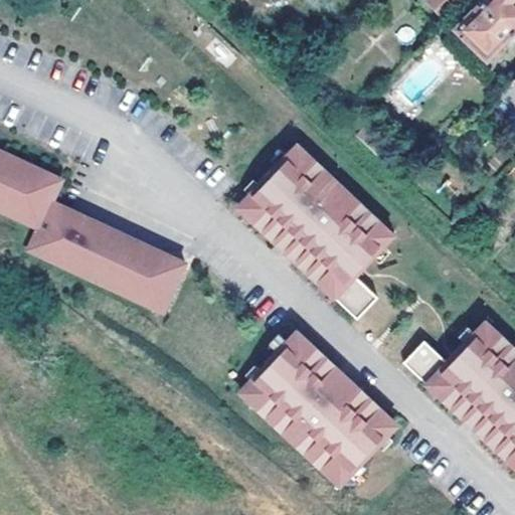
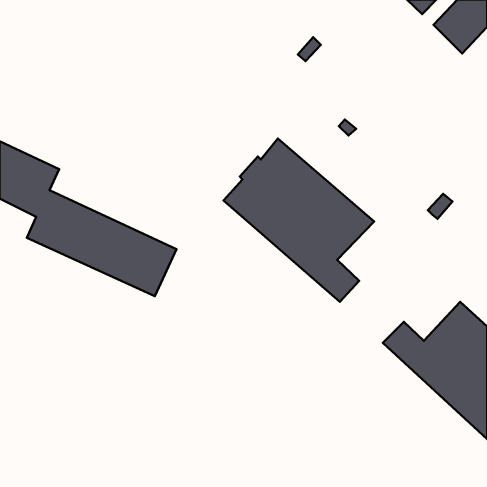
building: [242,332,396,483] -> none

